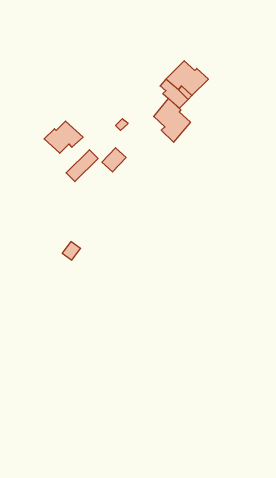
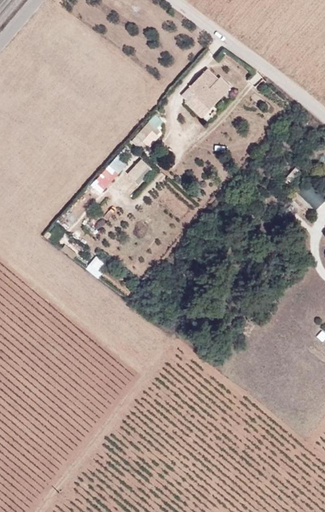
building: [154,99,190,142] -> none
building: [44,121,83,153] -> none

